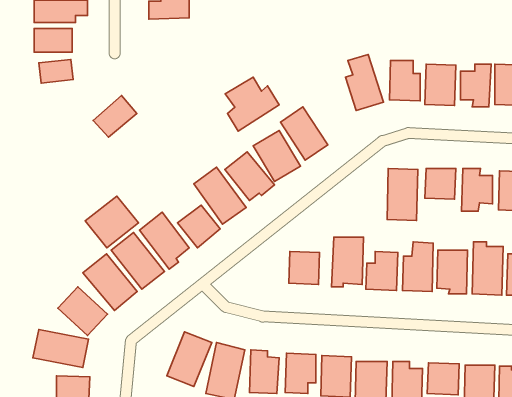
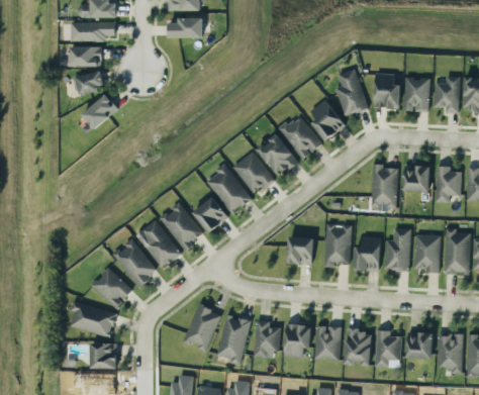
building: [225,77,279,131] -> none
building: none -> [309,99,345,140]
building: [93,96,137,137] -> [81,94,118,129]
building: [85,196,139,248] -> none

